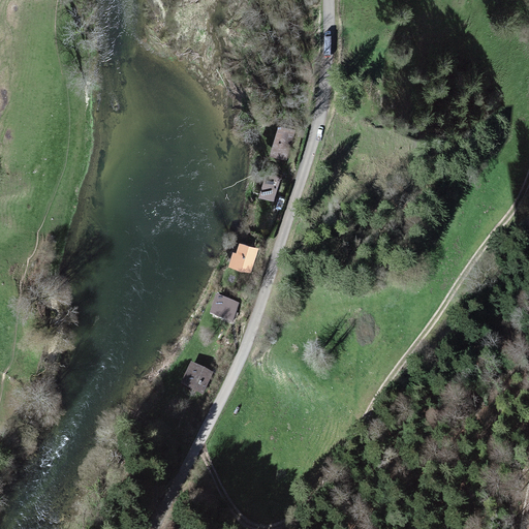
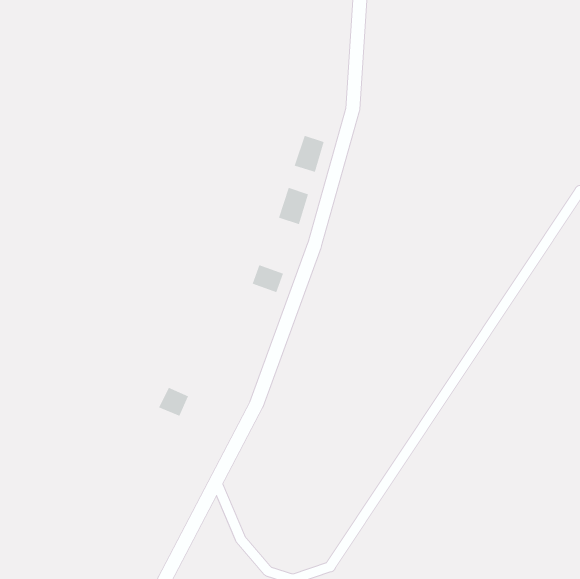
building: [210,297,239,321] -> none
building: [182,364,210,391] -> [158,387,189,417]

